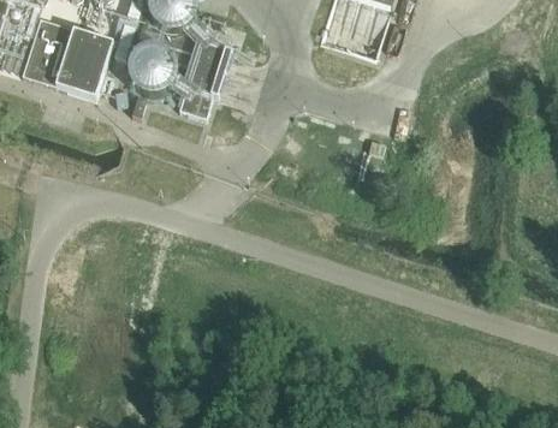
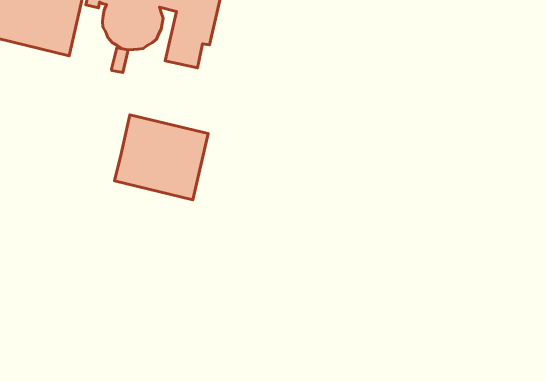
building: none -> [115,115,208,200]

